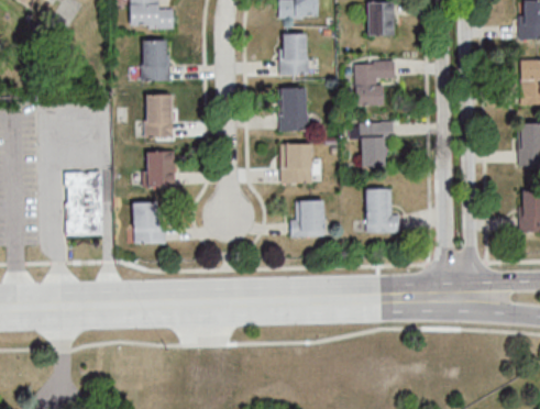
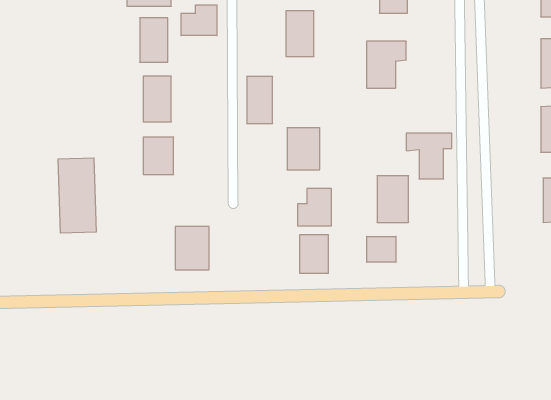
building: none -> [181,5,217,36]
building: [282,87,306,131] -> [247,77,273,123]
building: [350,123,393,166] -> [406,133,452,179]
building: [134,202,166,243] -> [175,227,209,270]
building: none -> [300,235,328,273]
building: none -> [367,236,396,262]

